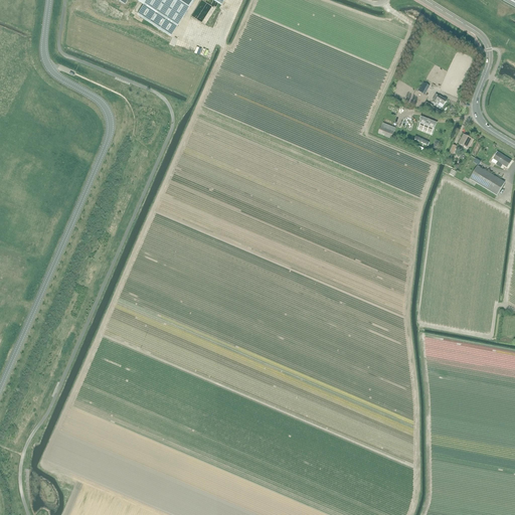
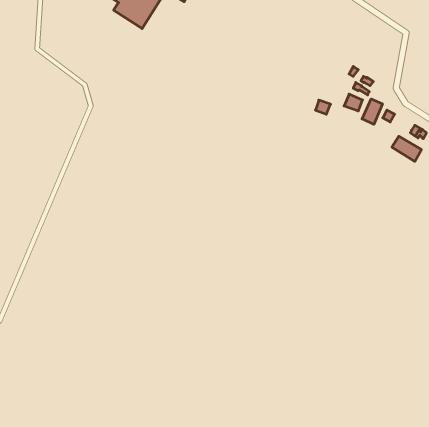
building: none -> [362,99,382,124]

